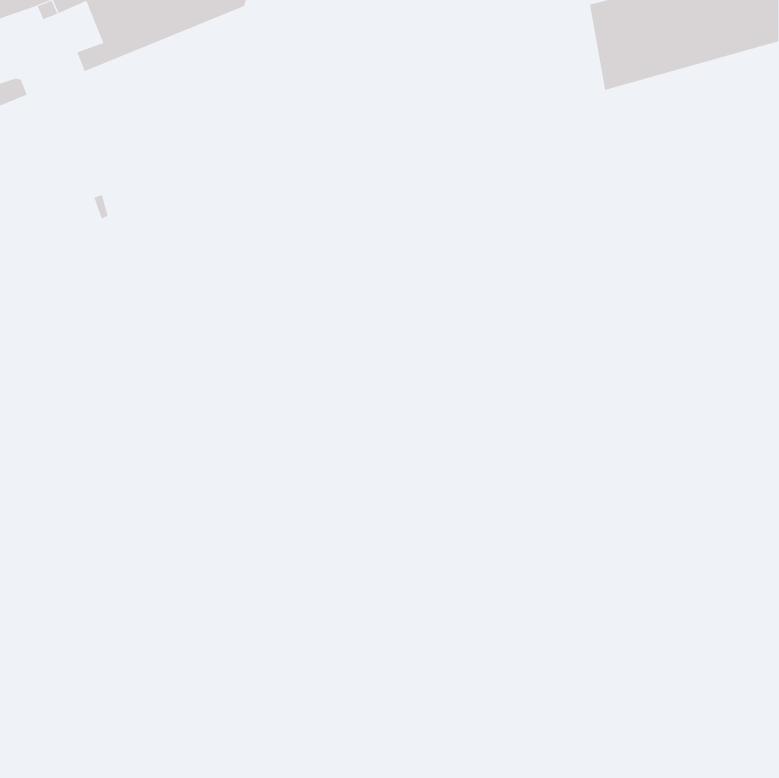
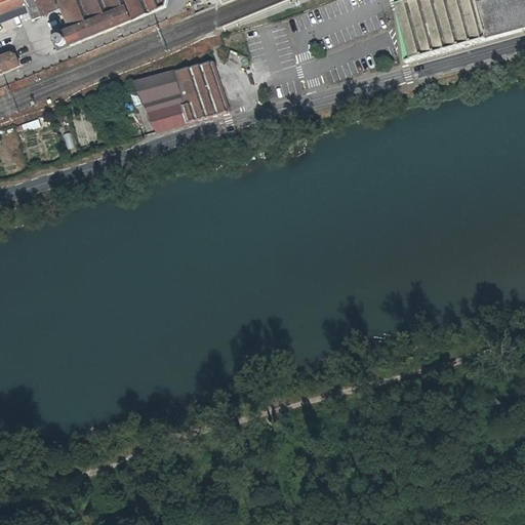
building: none -> [133,58,229,130]

